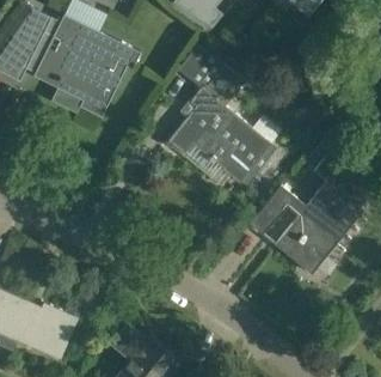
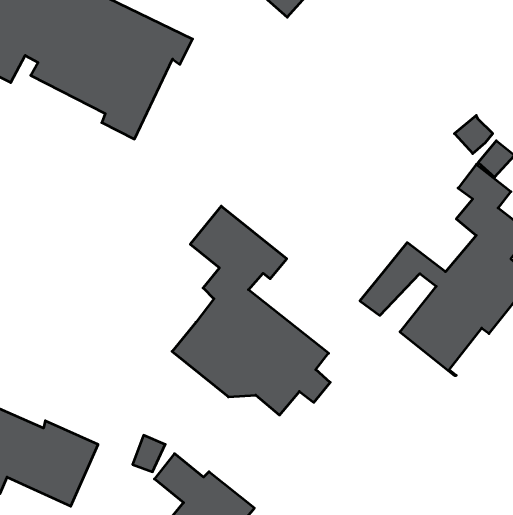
building: [167,47,271,184] -> [172,206,330,415]

